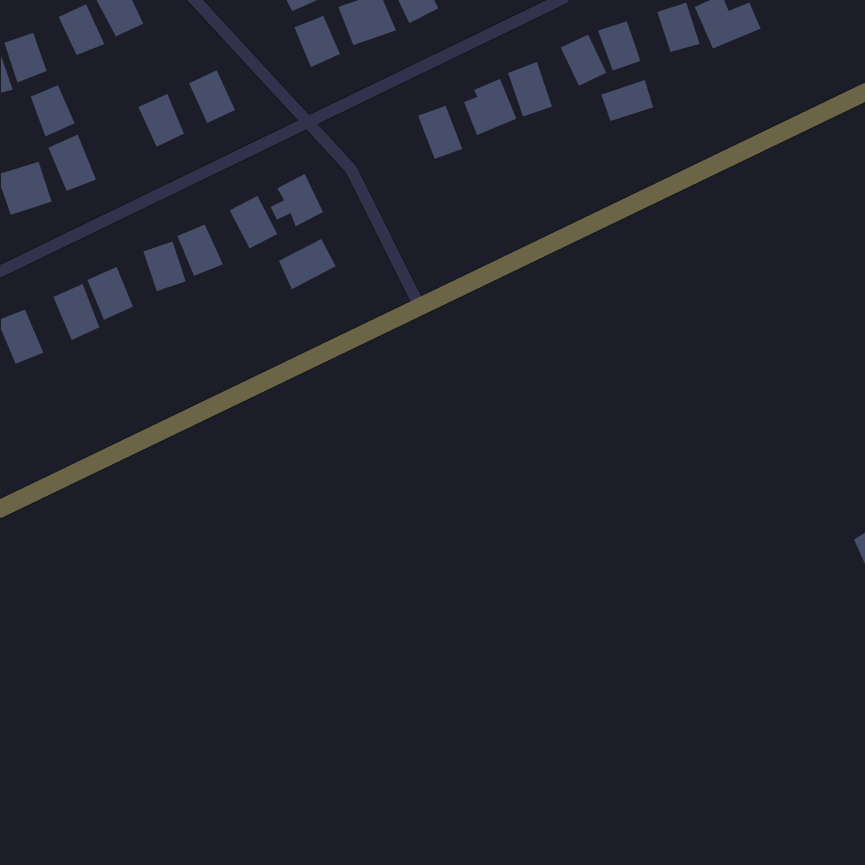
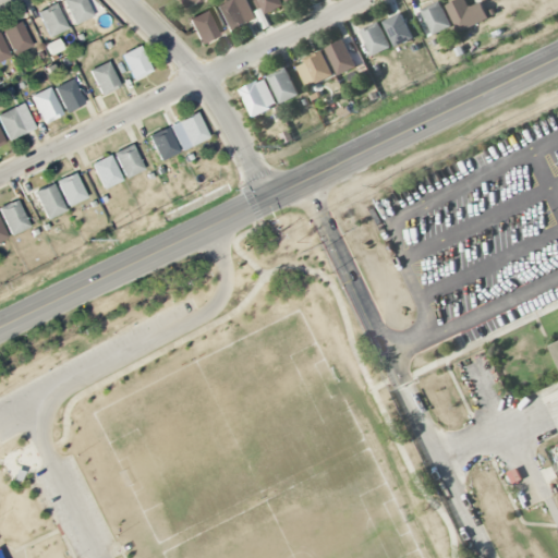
building: [600,79,654,122] -> none
building: [30,85,75,137] -> [56,78,85,112]
building: none -> [241,77,279,117]
building: [278,238,337,290] -> none

